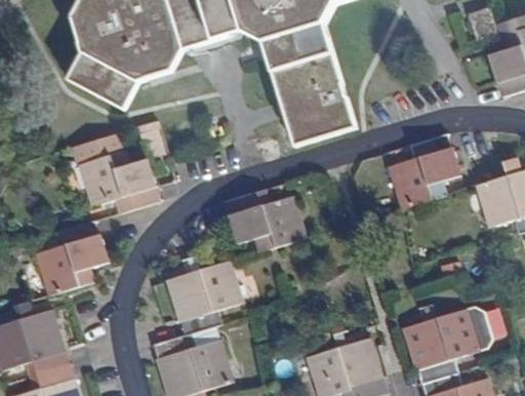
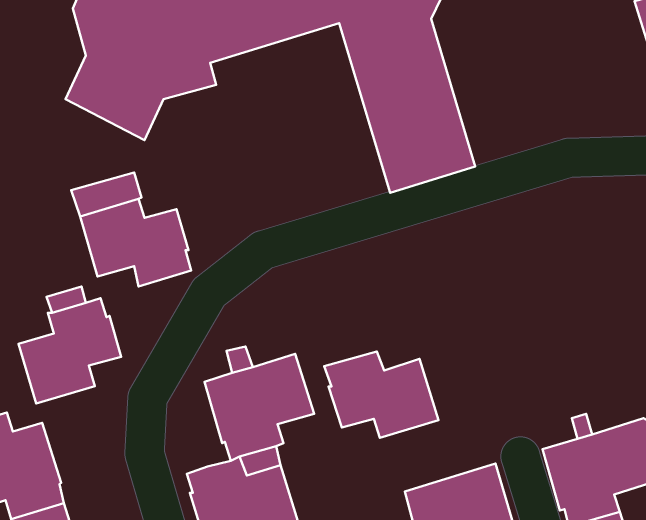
building: [389,133,460,208] -> none
building: [226,189,306,249] -> [324,351,438,438]

